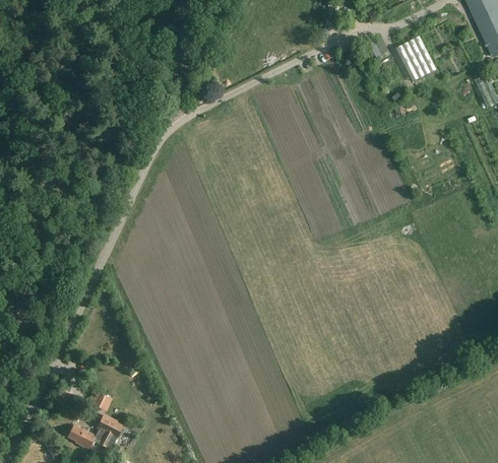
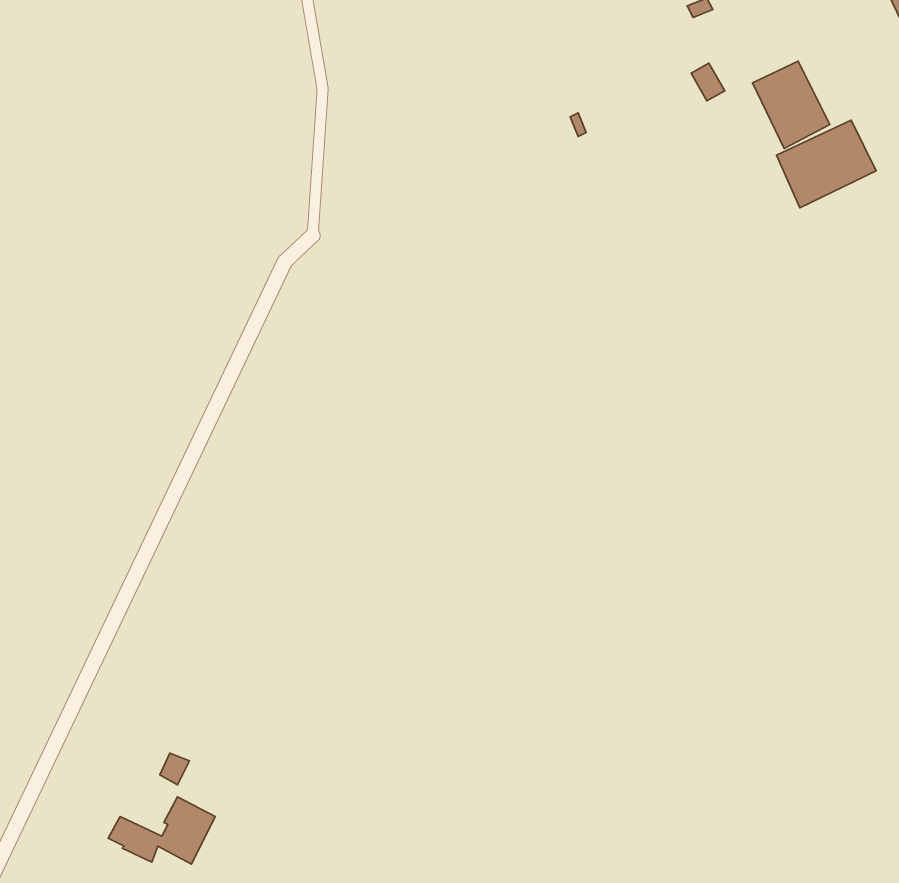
building: none -> [776,120,876,208]

